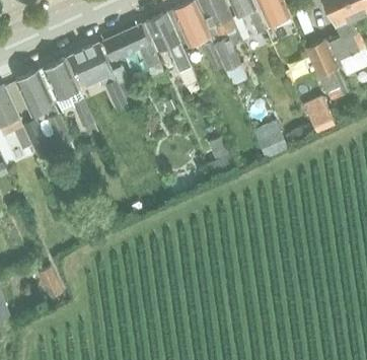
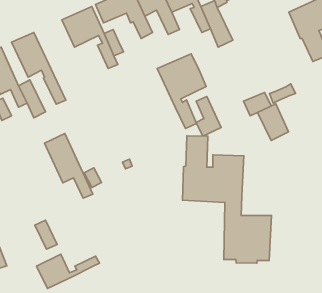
building: [42,59,92,127] -> [44,133,93,198]
building: none -> [157,54,206,129]
building: [302,96,335,135] -> [258,104,289,141]
building: none -> [183,136,272,263]
building: none -> [36,254,100,289]

